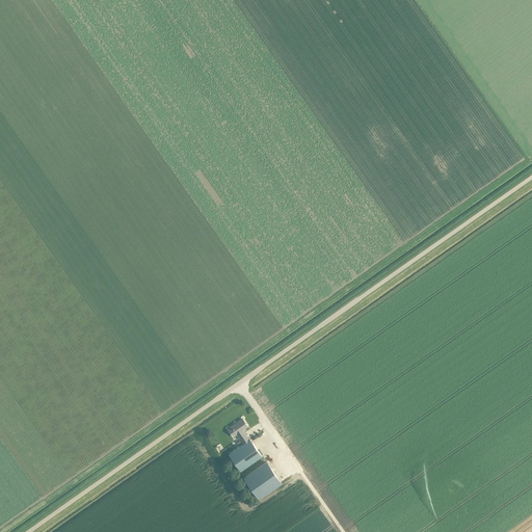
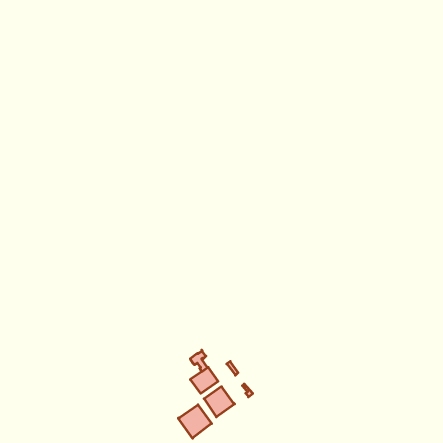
building: none -> [178,405,212,438]

